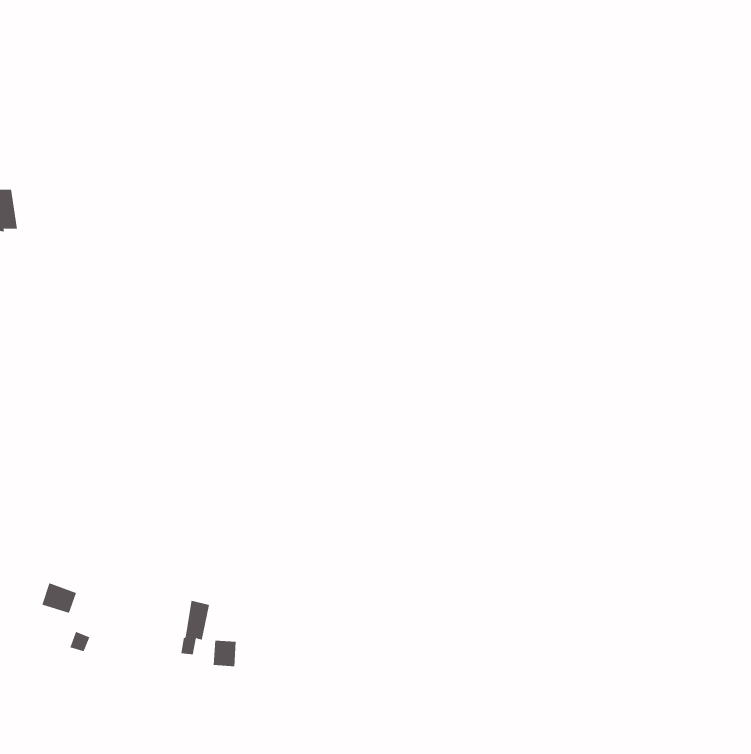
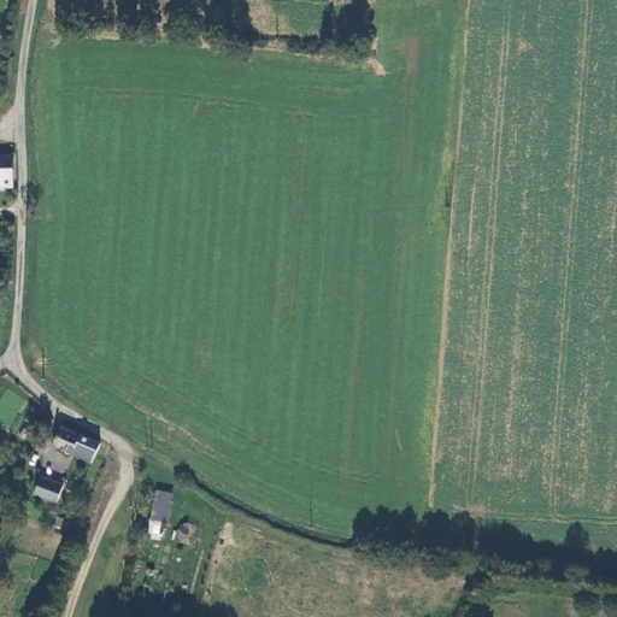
building: none -> [51,424,98,457]

